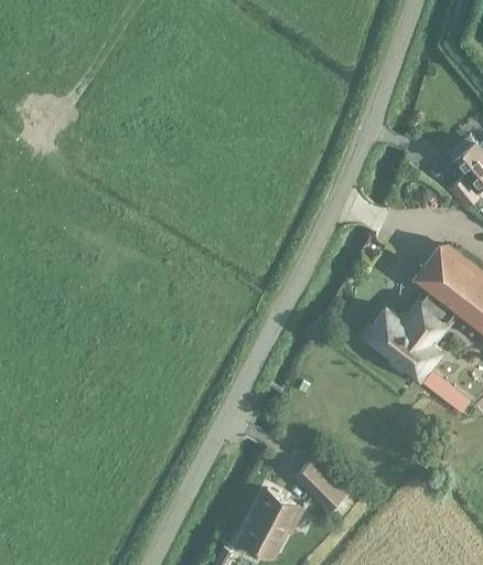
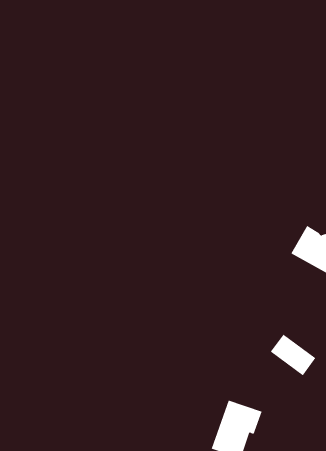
building: [292,460,343,511] -> [270,334,316,376]

